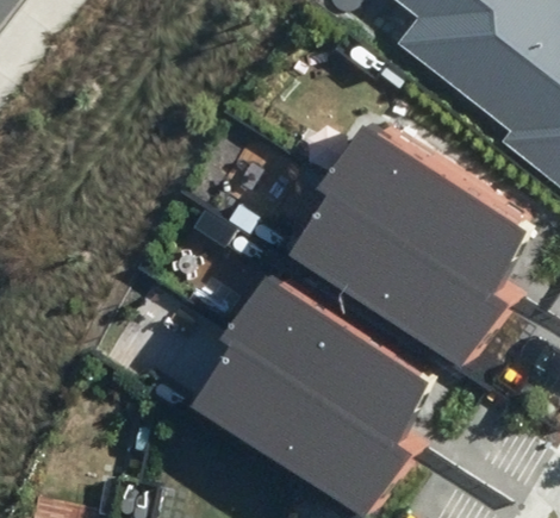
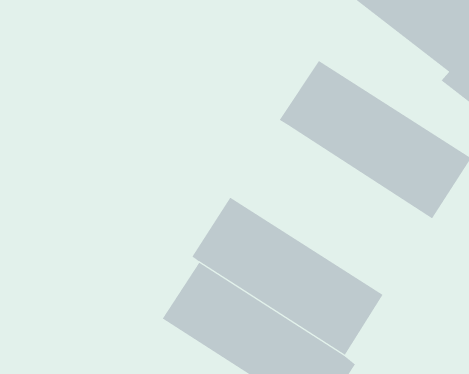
building: [288,191,506,368] -> none

